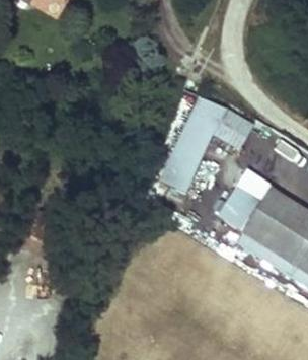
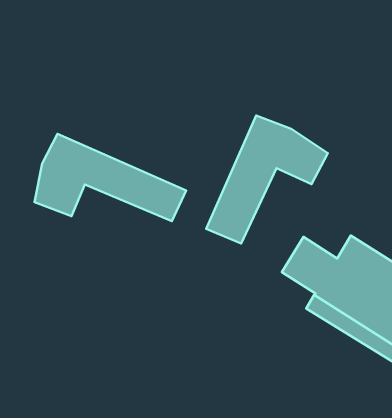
building: none -> [34,134,186,221]

